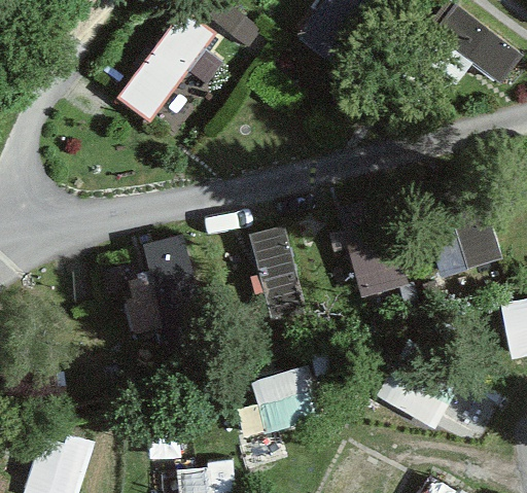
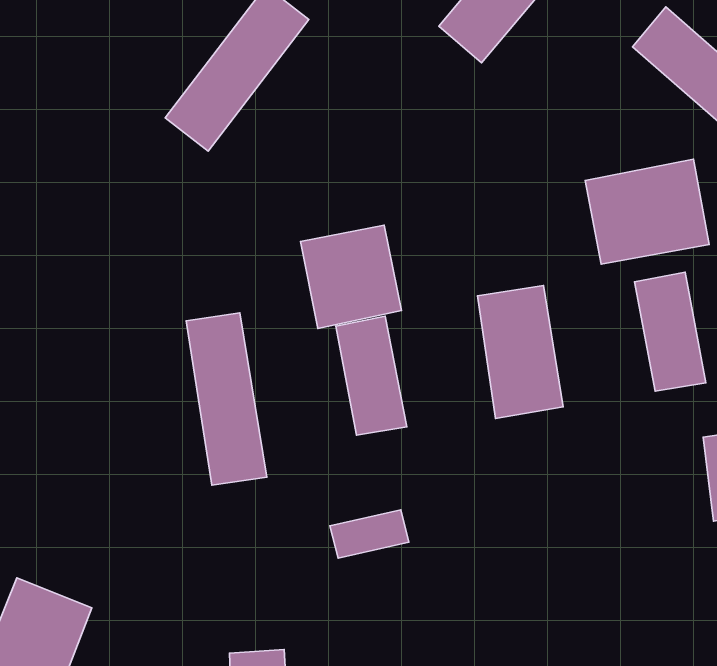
building: none -> [585,159,709,264]
building: none -> [300,225,402,328]

